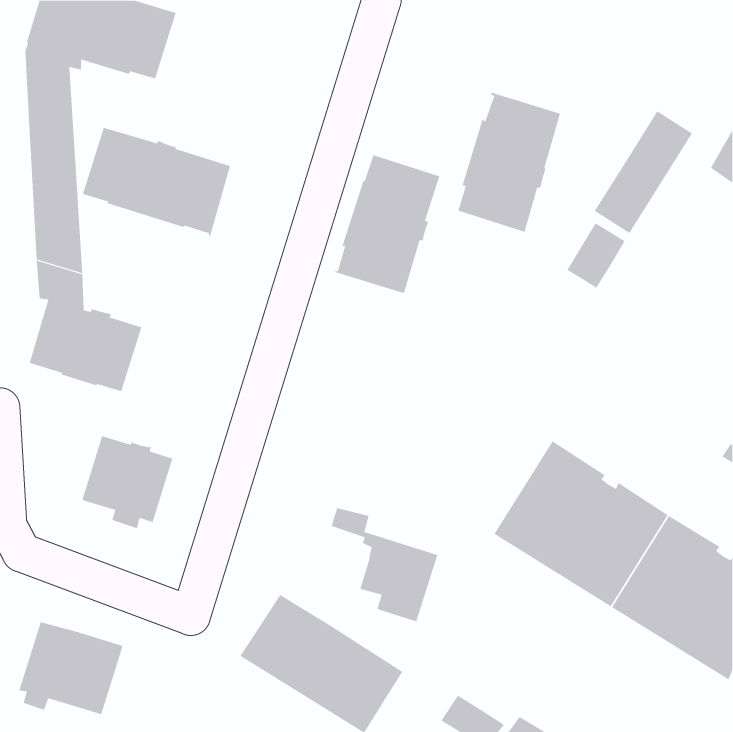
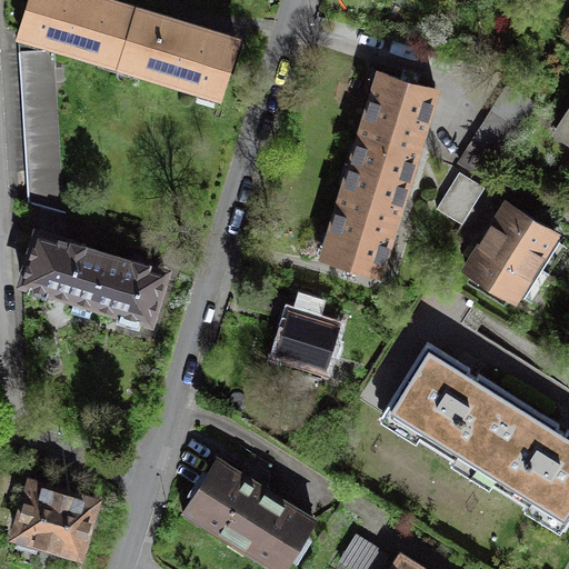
building: [79,127,231,236] -> [118,11,236,96]
building: [334,155,440,294] -> [325,164,407,272]
building: none -> [459,194,560,302]
building: [82,435,173,529] -> [94,254,166,327]
building: [331,507,438,622] -> [254,290,338,379]

